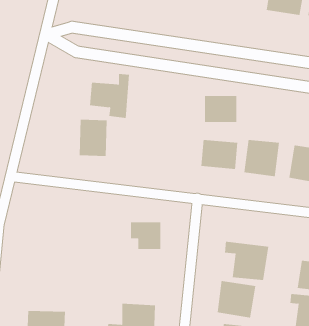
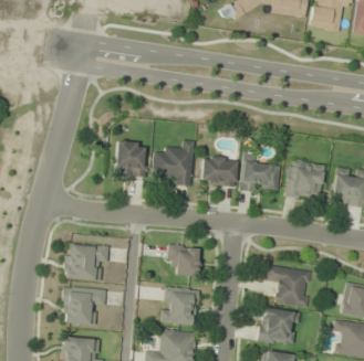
building: [89,74,130,118] -> [153,140,195,187]
building: [204,96,237,122] -> [202,158,237,185]
building: none -> [64,243,107,282]
building: none -> [62,287,104,323]
building: none -> [163,288,198,325]

